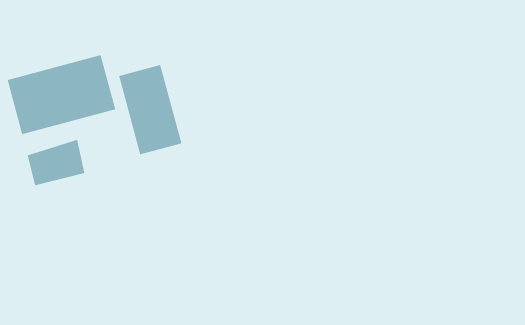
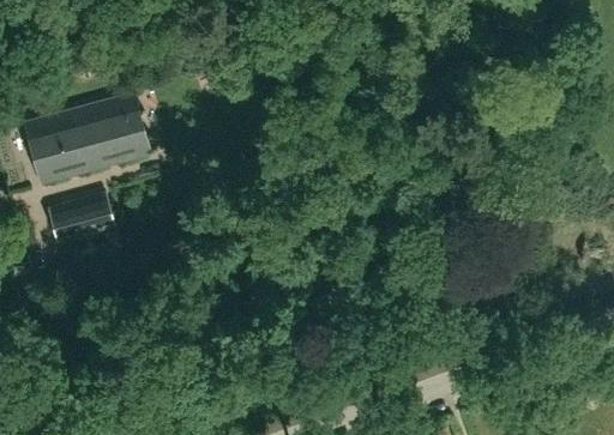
building: [118,64,182,155] -> none

